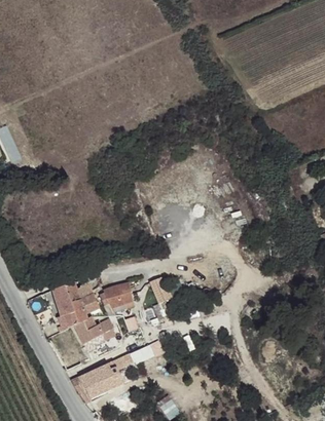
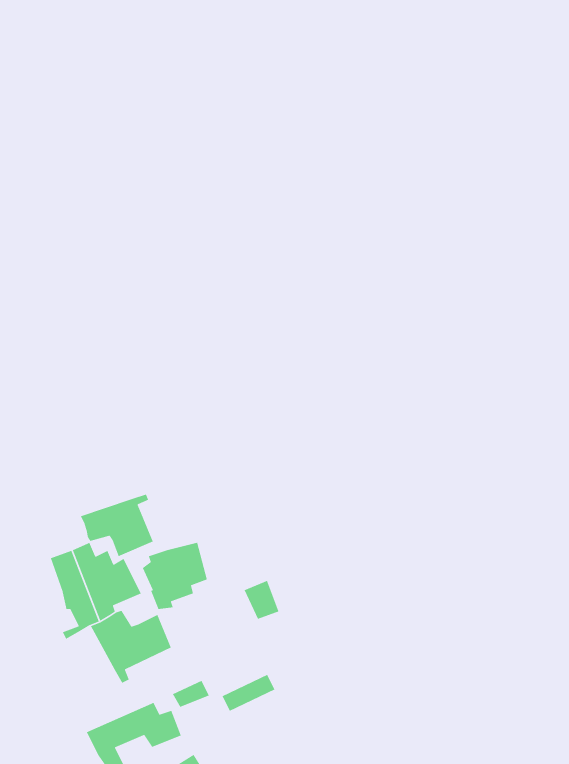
building: none -> [80,494,154,557]

